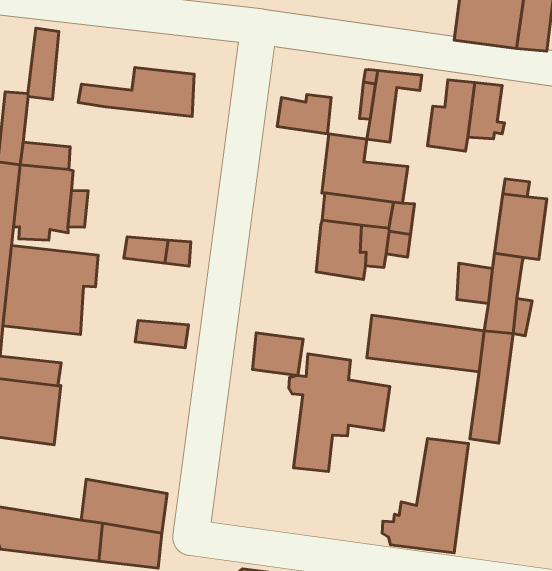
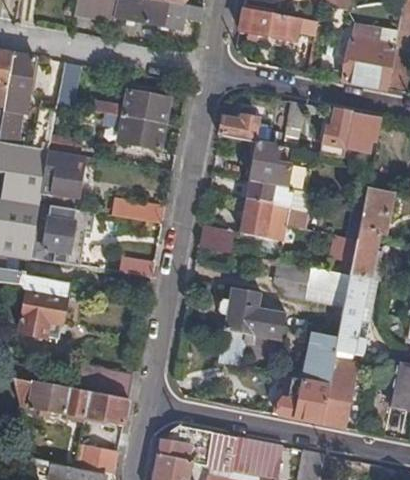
building: none -> [105,114,165,146]
building: [252,333,303,376] -> [199,224,234,254]
building: none -> [321,357,357,428]

